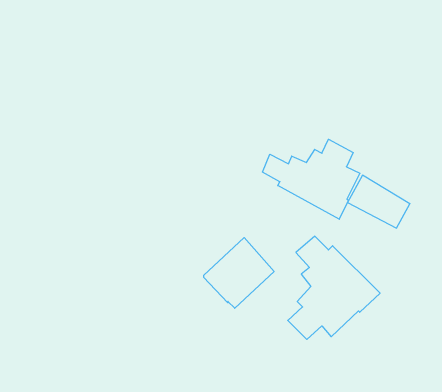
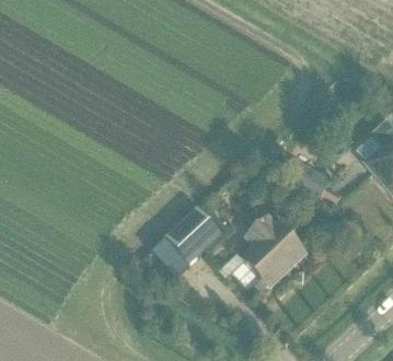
building: [262,139,360,219] -> none
building: none -> [151,238,189,277]

